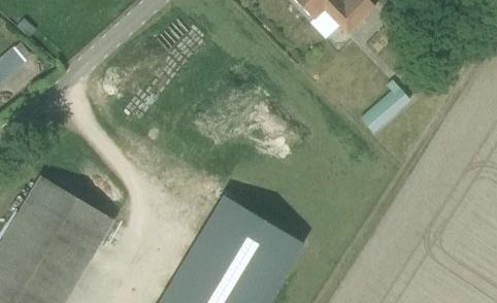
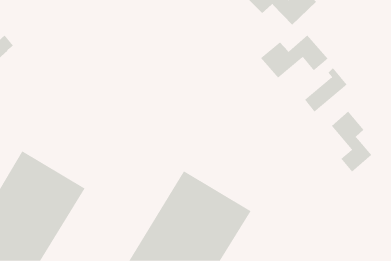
building: none -> [260,34,328,79]
building: none -> [331,111,372,173]

